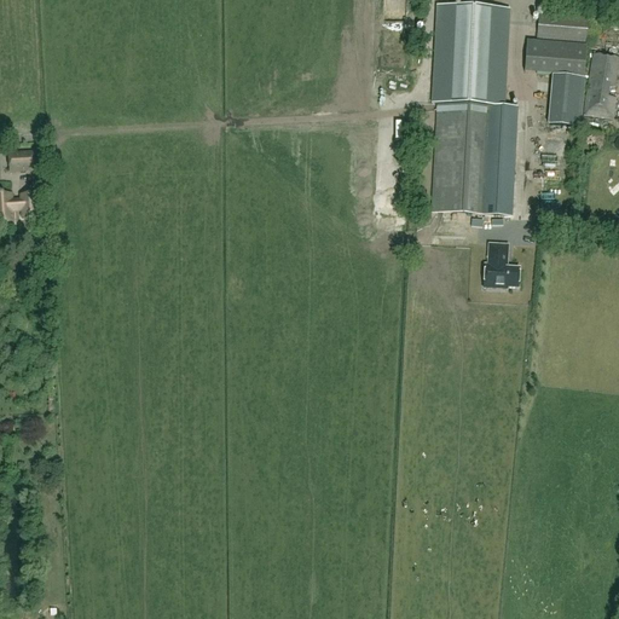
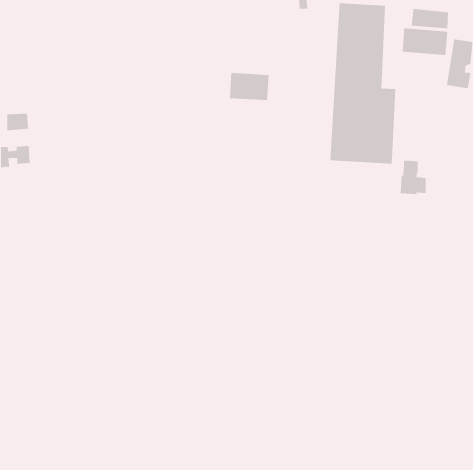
building: [548,73,584,125] -> none
building: none -> [229,72,269,101]
building: [484,241,519,287] -> [400,159,427,195]

